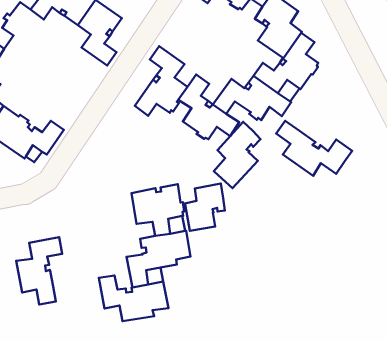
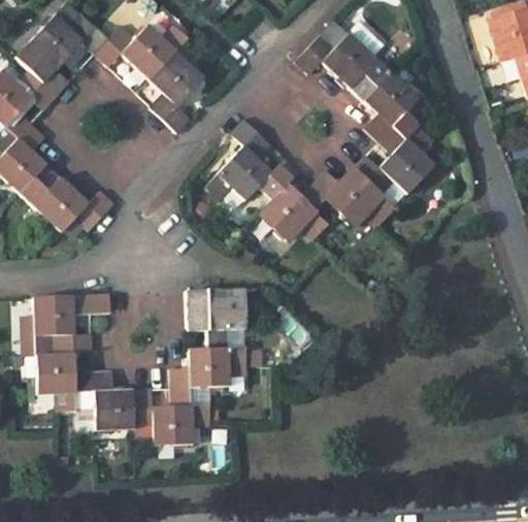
building: [276,121,352,176] -> none
building: [214,122,261,188] -> none
building: [185,184,225,231] -> none
building: none -> [33,294,110,338]
building: none -> [74,371,134,430]

